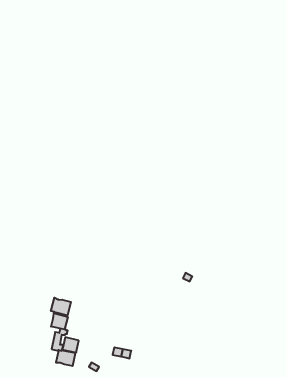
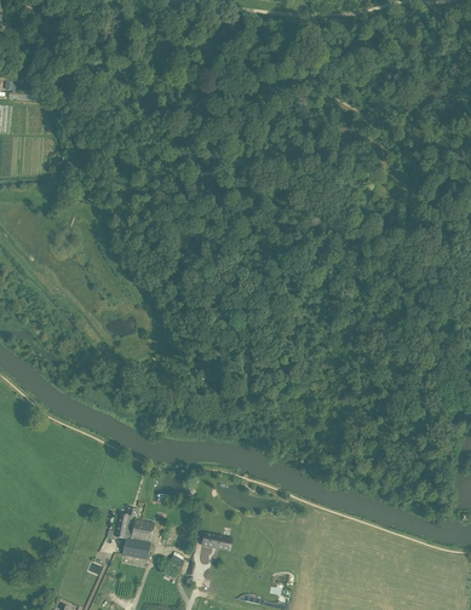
building: [51,298,71,329] -> none

